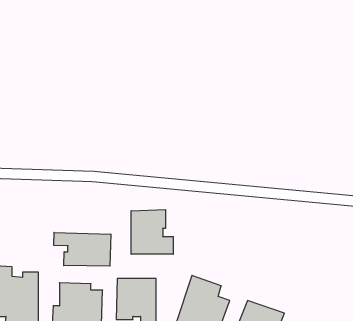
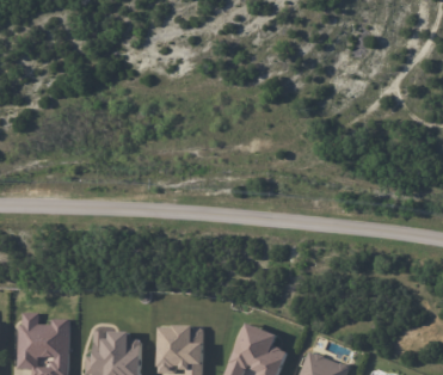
building: [131,210,173,254] -> none
building: [54,232,111,266] -> none

